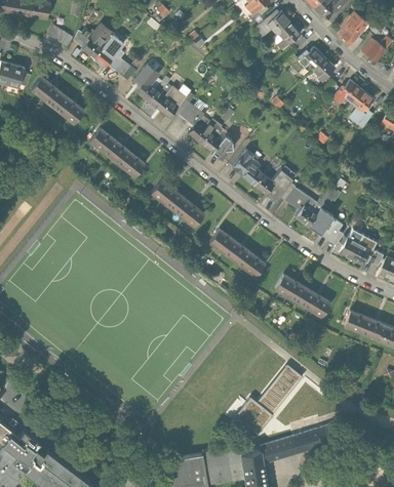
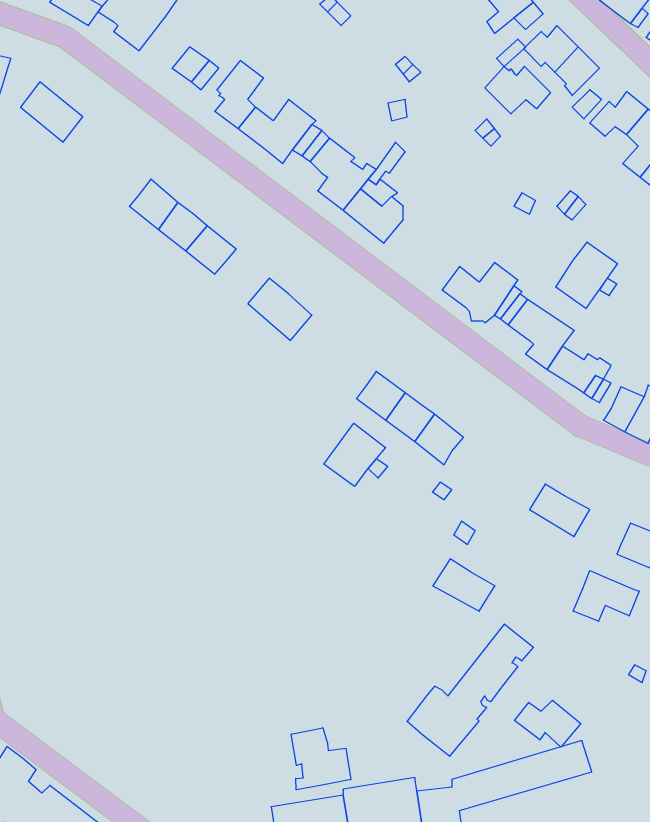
building: [94,42,121,70] -> none
building: none -> [485,66,550,114]
building: [54,95,84,124] -> none
building: [232,150,264,187] -> none
building: none -> [556,242,617,309]
building: [174,200,205,229] -> none
building: none -> [324,423,386,486]
building: [276,275,309,302] -> [433,559,495,611]
building: none -> [573,571,639,621]
building: none -> [514,700,581,747]
building: none -> [291,728,351,790]

